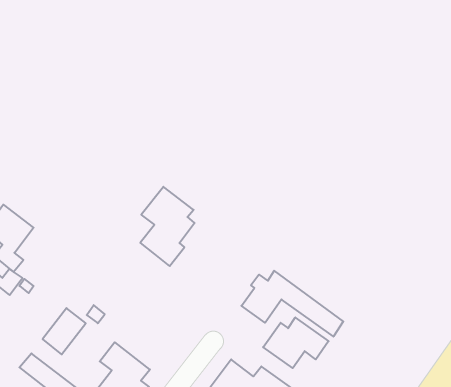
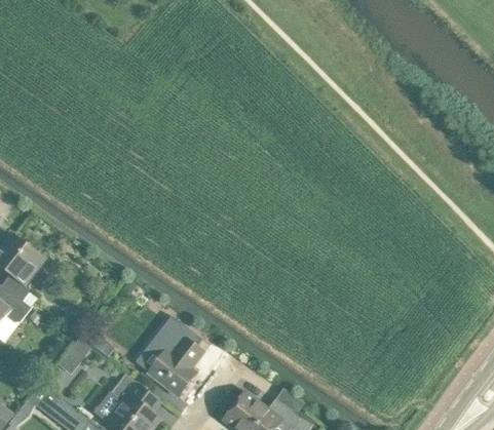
building: [140,187,195,266] -> [148,316,203,397]
building: [241,271,343,337] -> none
building: [263,317,329,368] -> none

